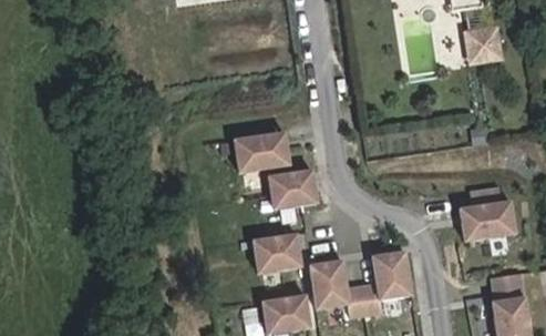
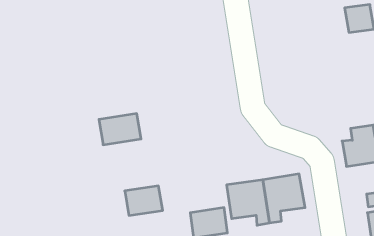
building: [231,132,287,173] -> [99,114,141,145]
building: [270,169,319,207] -> none
building: [249,234,299,273] -> [125,186,163,215]

